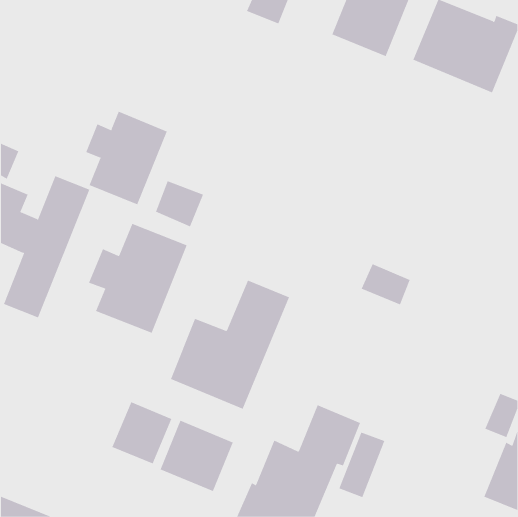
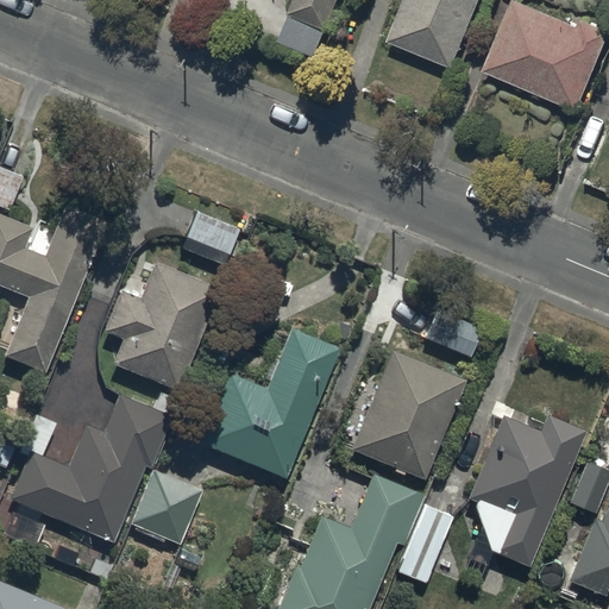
building: [85,111,168,205] -> none
building: none -> [350,351,465,482]
building: none -> [10,395,172,544]
building: none -> [466,415,585,569]
building: [160,420,234,492] -> none

